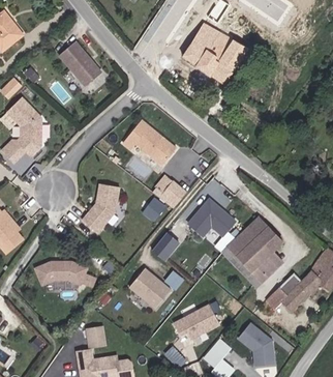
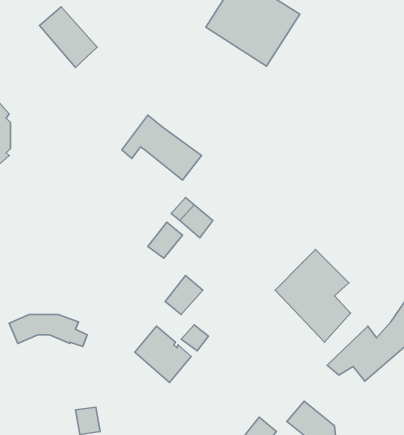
building: [81,184,117,233] -> none
building: [186,201,234,238] -> none
building: [172,307,217,340] -> none

